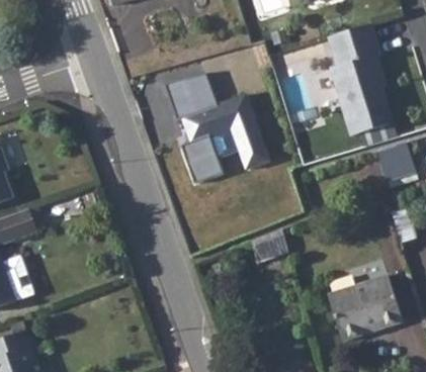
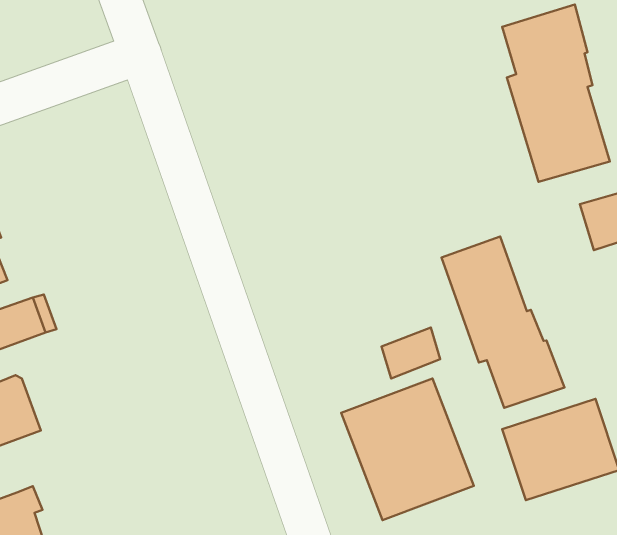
building: [170,72,272,186] -> none
building: none -> [442,236,565,408]
building: none -> [341,379,474,520]

